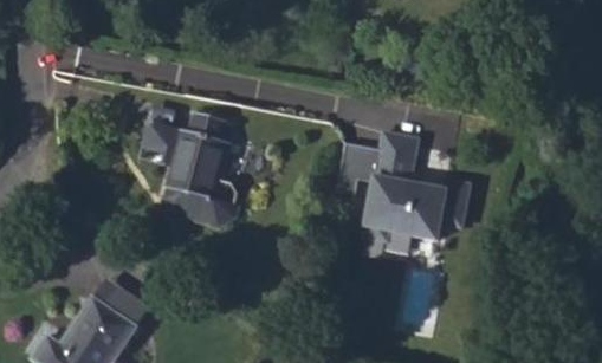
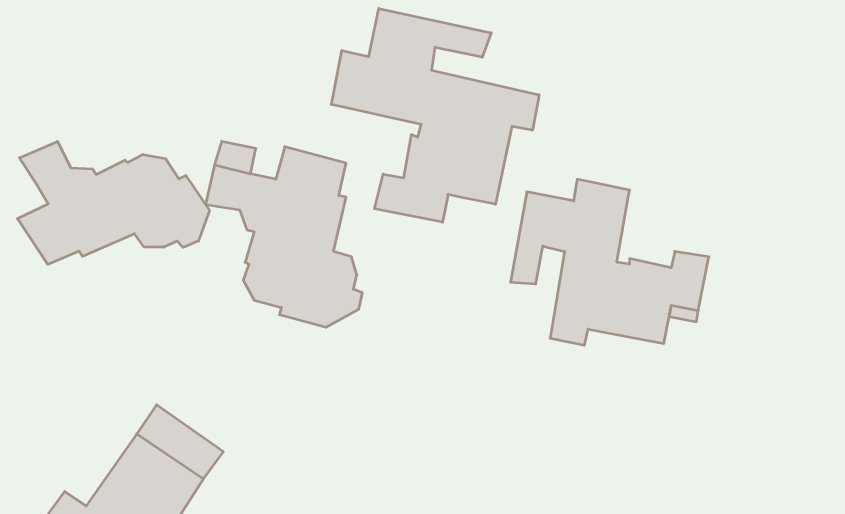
building: none -> [331,8,539,222]
building: none -> [17,141,209,264]

